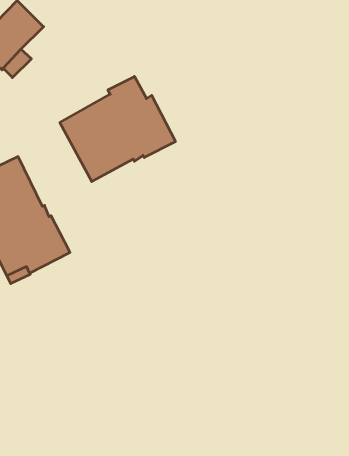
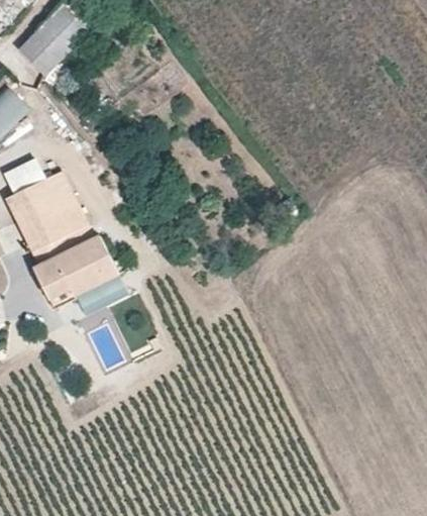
building: [60,76,175,182] -> none

